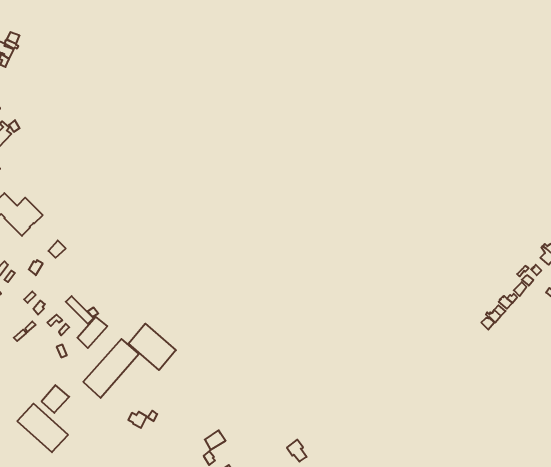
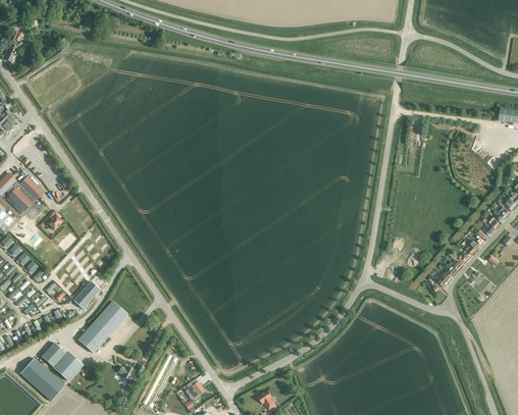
building: [128,324,176,370] -> none
building: none -> [52,351,82,380]

